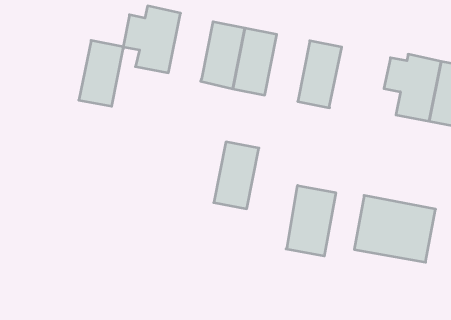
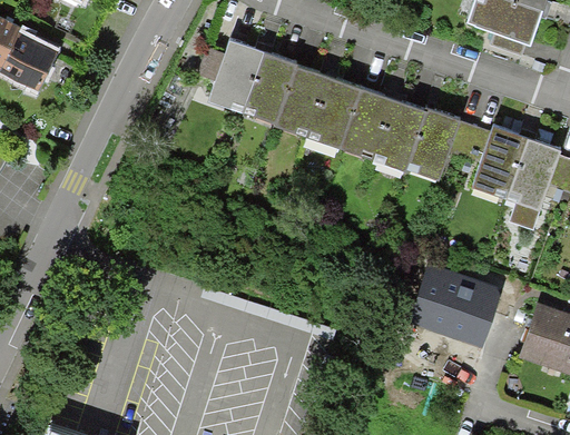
building: [79,40,123,106] -> [243,51,296,122]
building: none -> [405,108,475,179]
building: [214,142,259,209] -> [340,87,394,159]
building: [286,185,336,256] -> none

